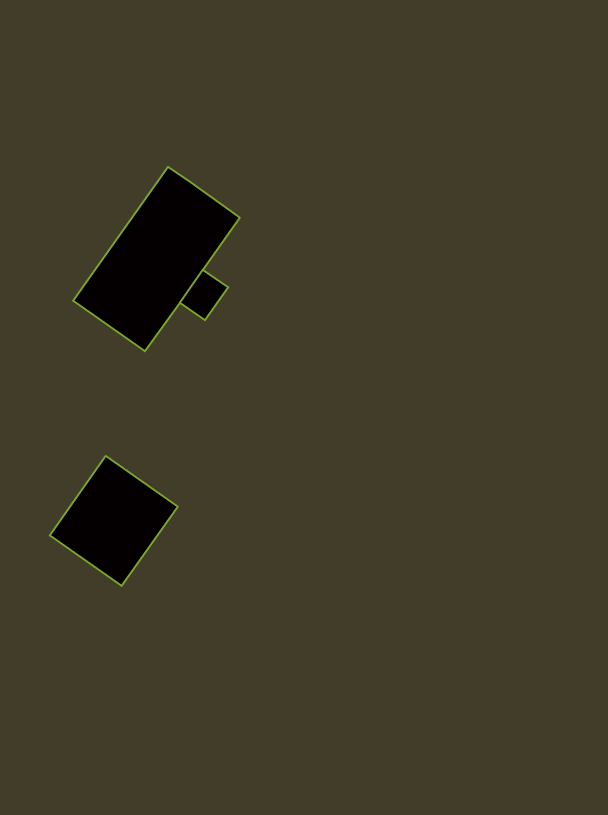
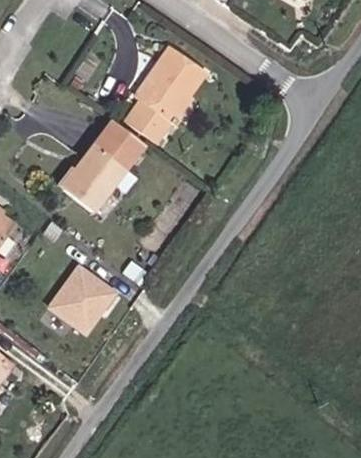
building: none -> [123,44,207,143]

